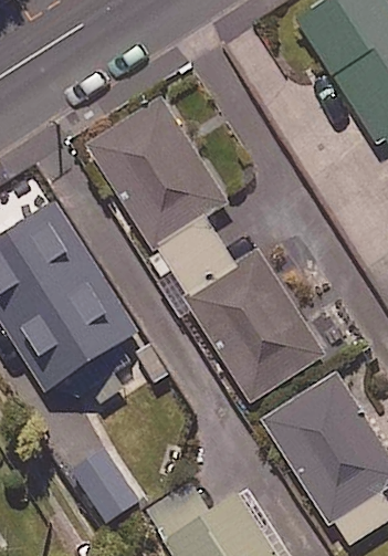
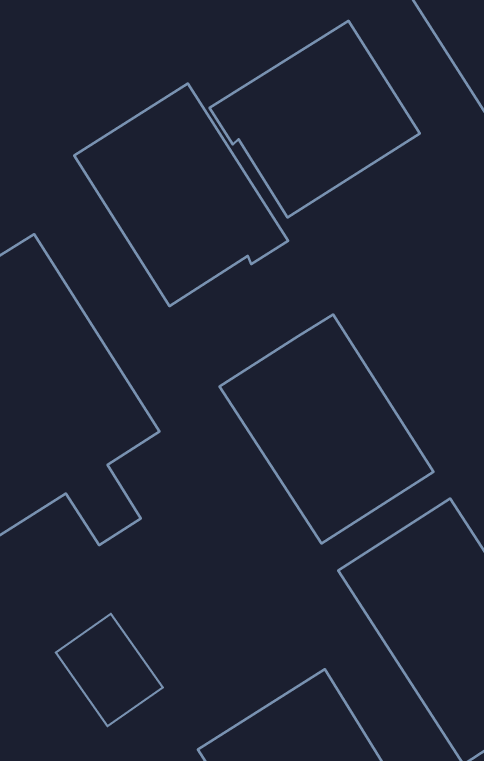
building: none -> [210,21,420,217]
building: [149,212,234,298] -> none

